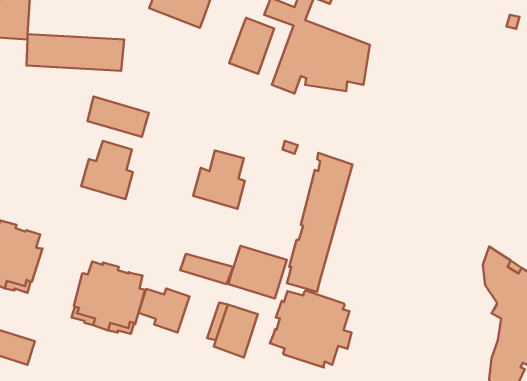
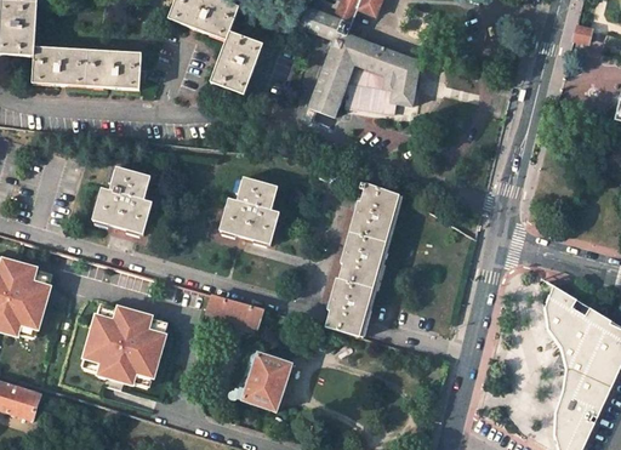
building: [229,18,274,74] -> [211,32,262,95]
building: [87,96,149,137] -> none
building: [228,246,287,298] -> none
building: [138,288,189,332] -> none
building: [270,290,351,368] -> none

